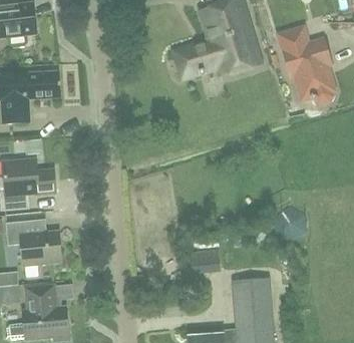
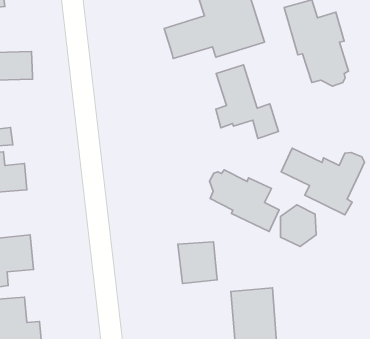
building: none -> [216,65,279,139]
building: none -> [281,148,364,215]
building: none -> [210,170,279,231]

